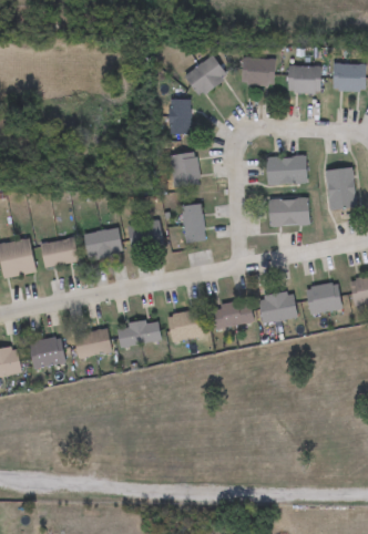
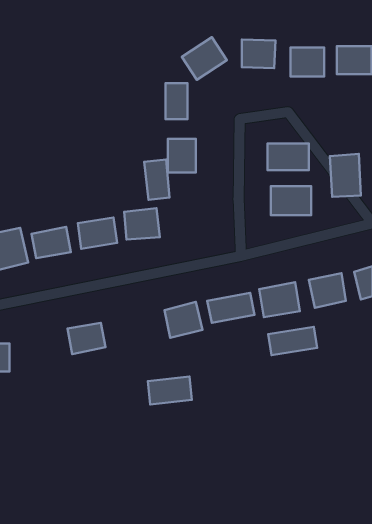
building: [181,204,205,243] -> [144,159,169,200]
building: [119,320,161,347] -> [148,377,192,404]
building: none -> [268,327,317,355]
building: [30,337,65,369] -> none

